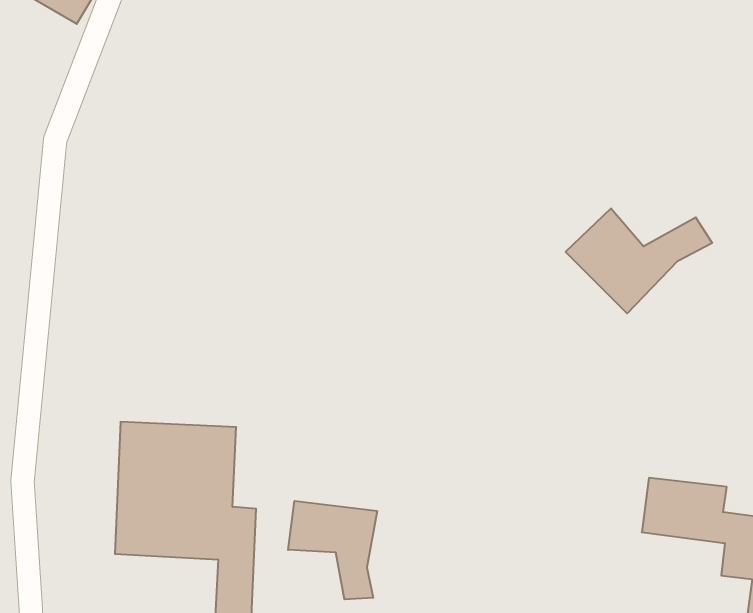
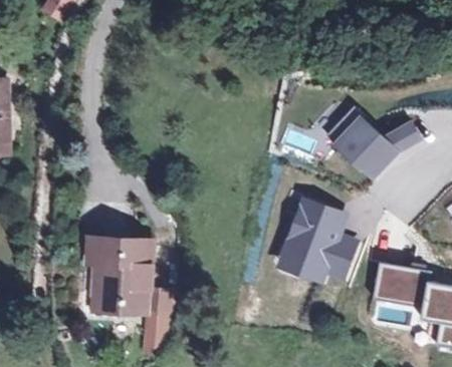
building: none -> [282,199,358,279]
building: [288,501,377,599] -> none

